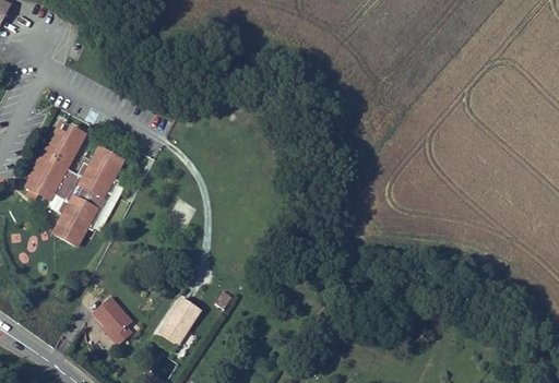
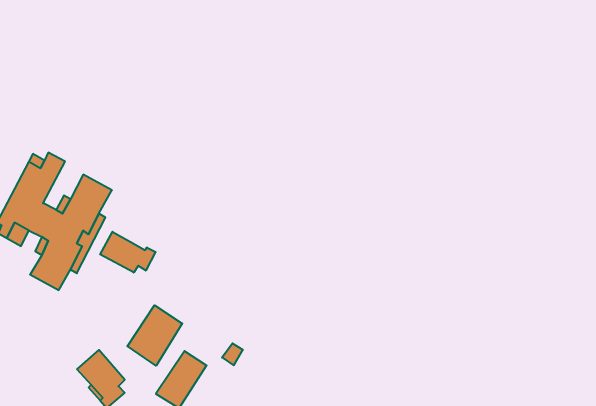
building: none -> [100,232,156,273]
building: none -> [127,305,182,366]

